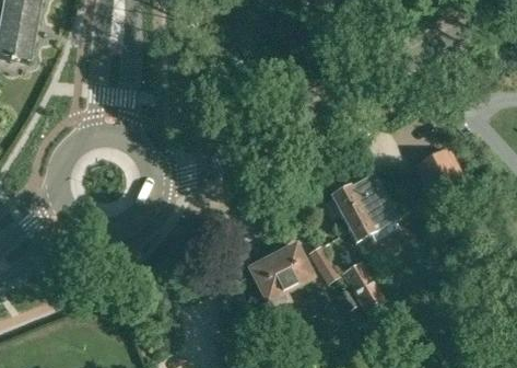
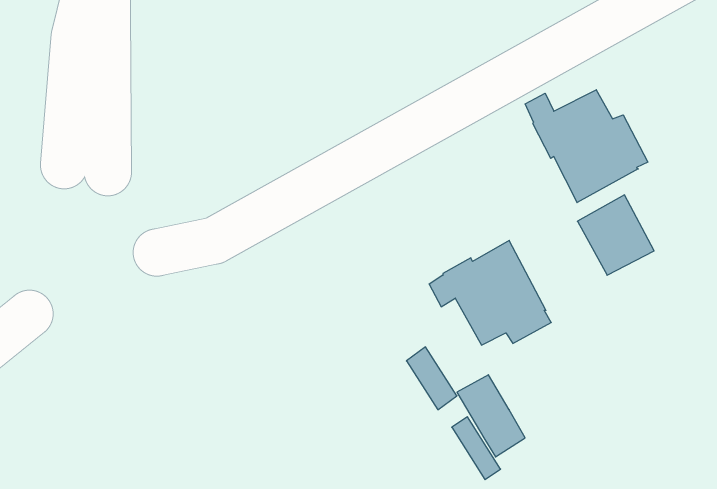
building: none -> [525,90,648,203]
building: [248,243,312,309] -> none

